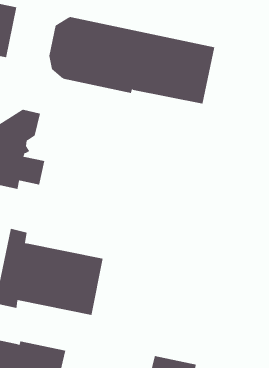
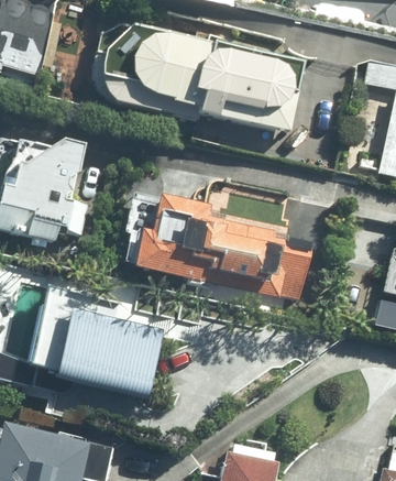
building: none -> [132,192,316,303]

